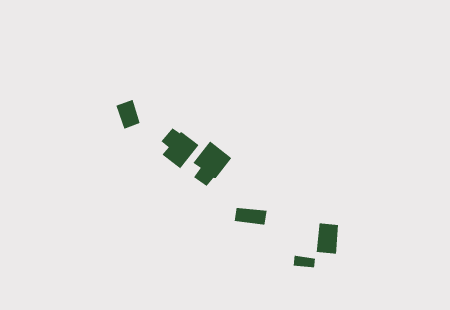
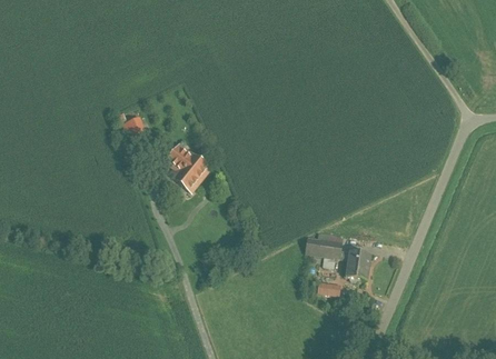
building: [193,141,232,187] -> none
building: [234,207,267,225] -> [302,239,338,258]

